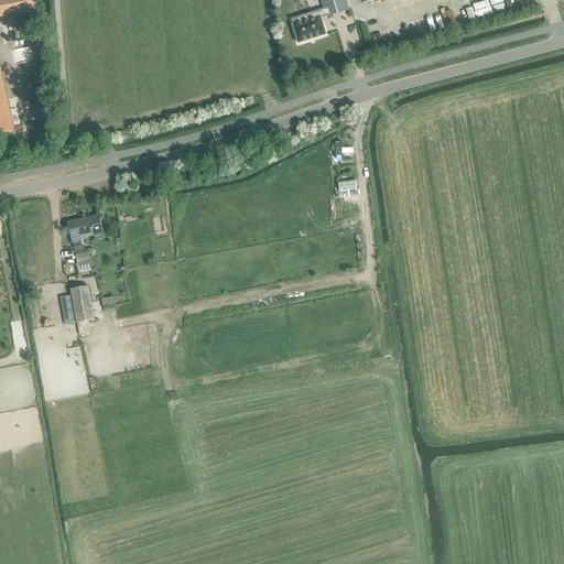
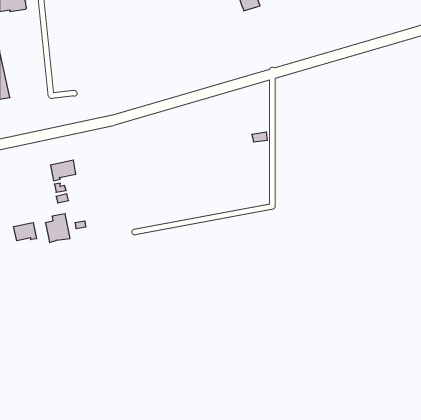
building: [291,8,325,41] -> none
building: none -> [14,223,36,241]

